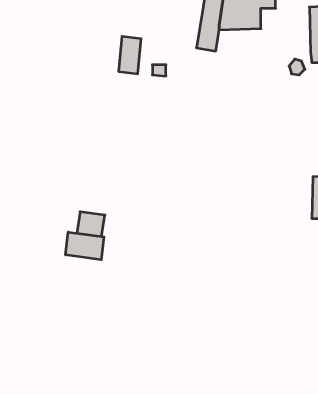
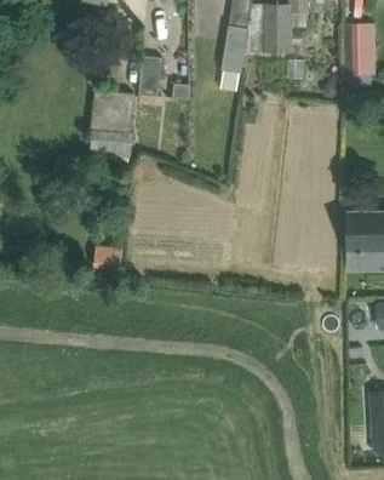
building: none -> [91,90,133,159]
building: [66,232,104,260] -> none

